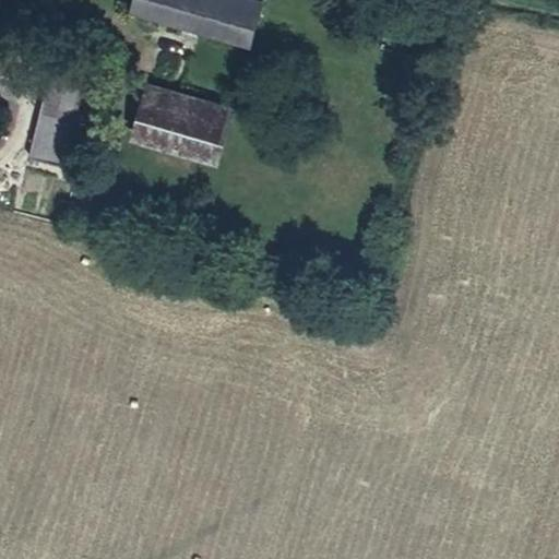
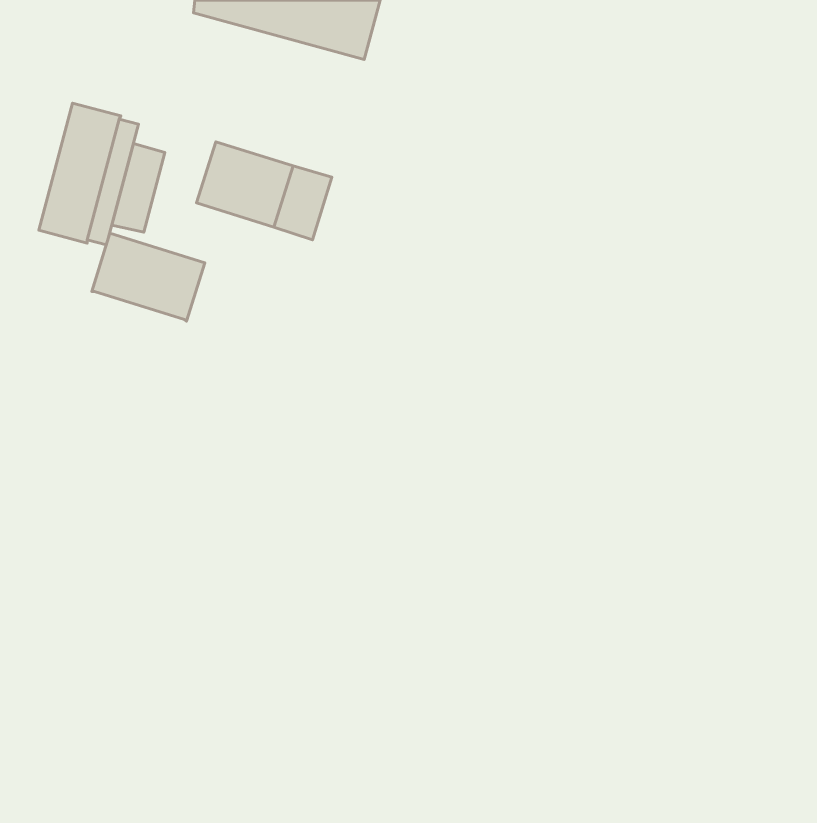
building: none -> [112,143,165,232]
building: none -> [92,233,205,321]

